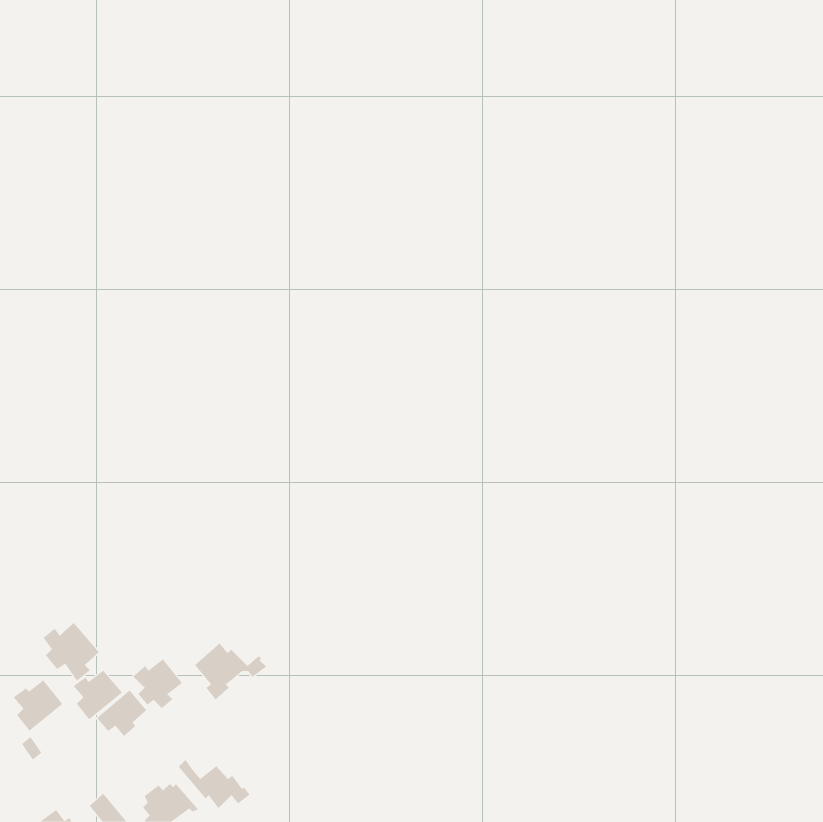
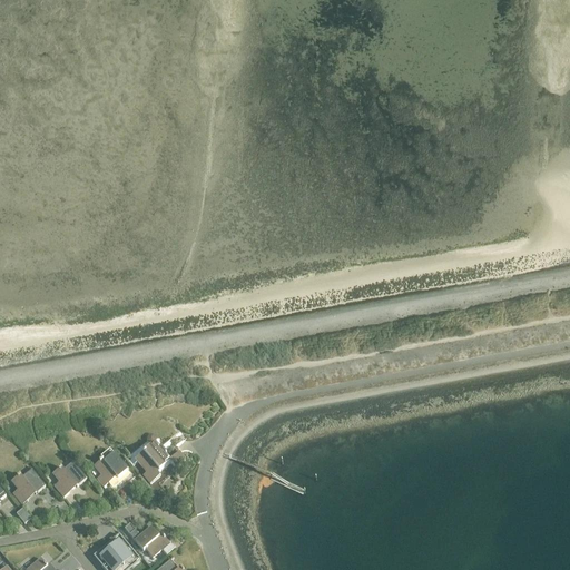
building: [43,622,100,681] -> none
building: [96,690,147,737] -> none

